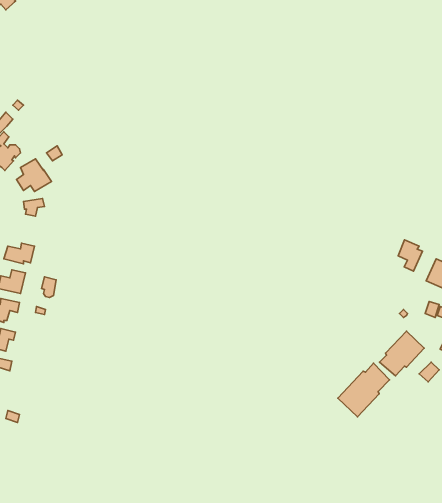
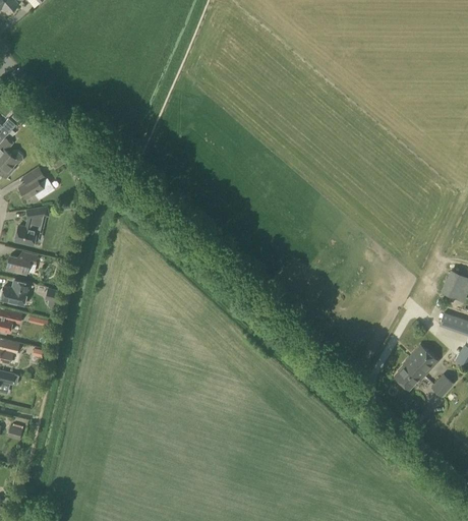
building: none -> [15,223,42,244]
building: [398,240,423,271] -> none
building: [338,363,390,417] -> none

